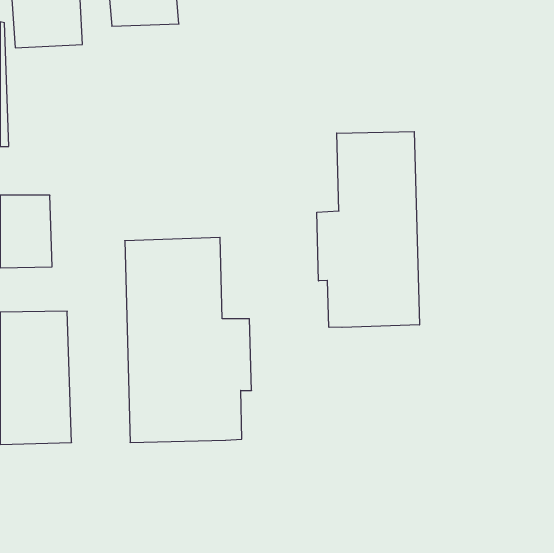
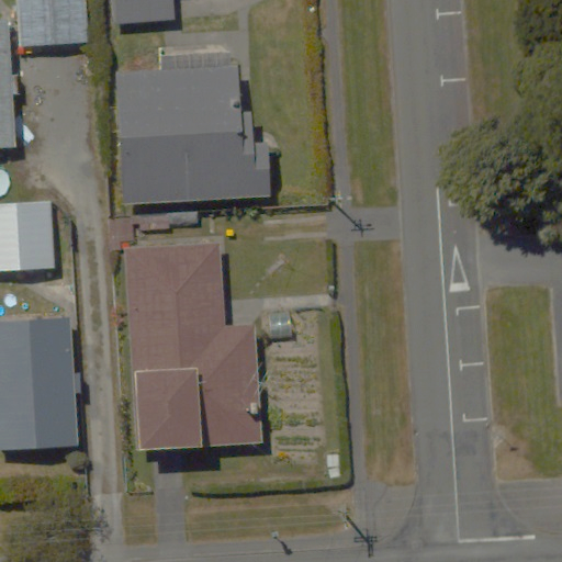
building: none -> [119,65,258,203]
building: [317,132,419,327] -> none

